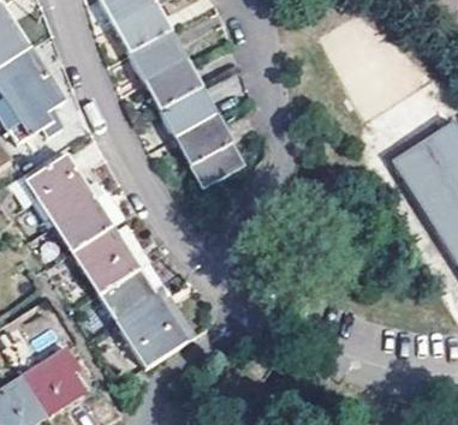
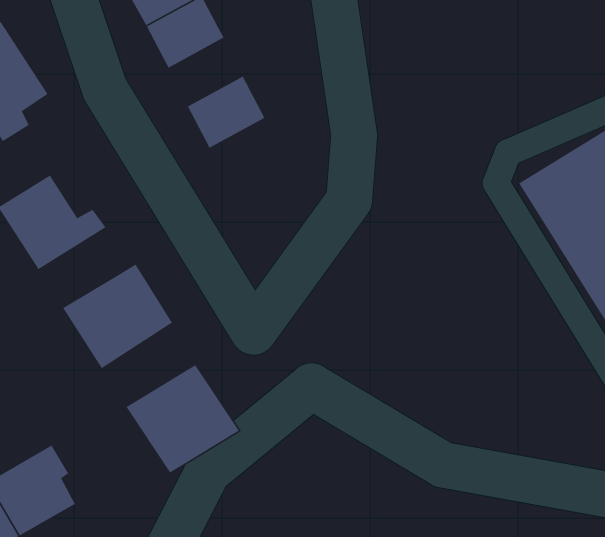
building: [147,59,200,107] -> none
building: [176,115,243,187] -> none
building: [55,192,111,249] -> none
building: [100,261,166,318] -> none

